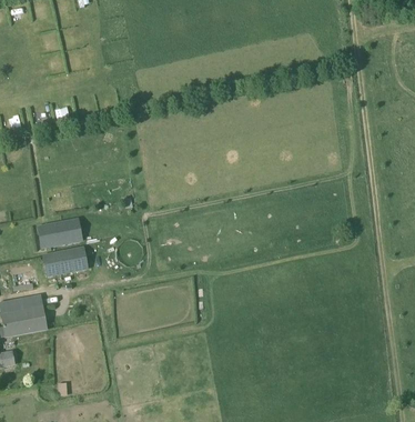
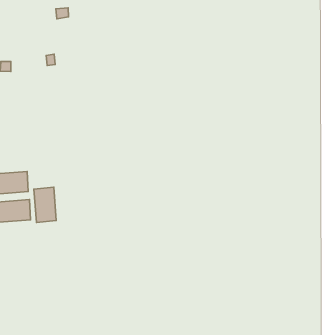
building: none -> [34,187,56,222]

